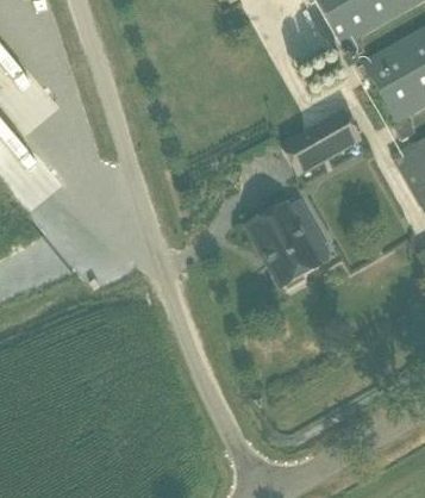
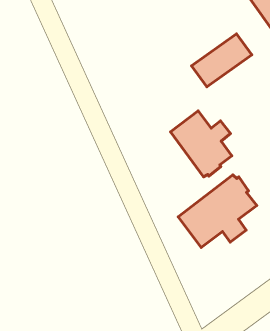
building: none -> [178,175,257,247]

